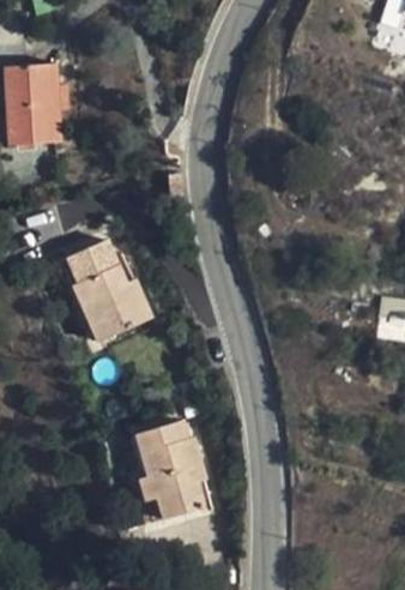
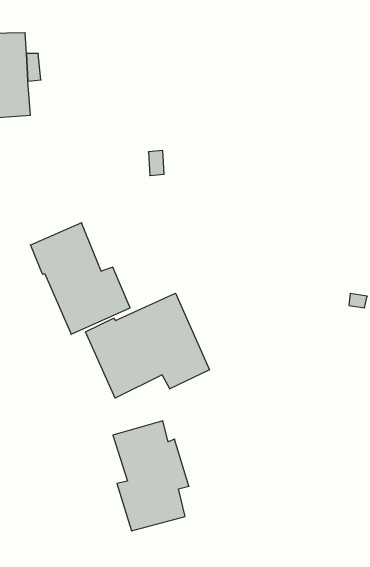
building: none -> [85,293,209,398]

